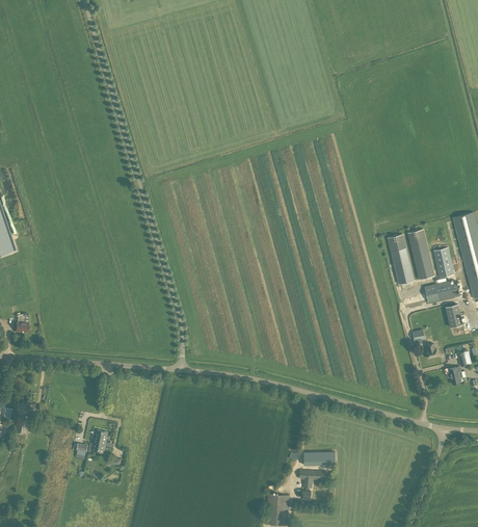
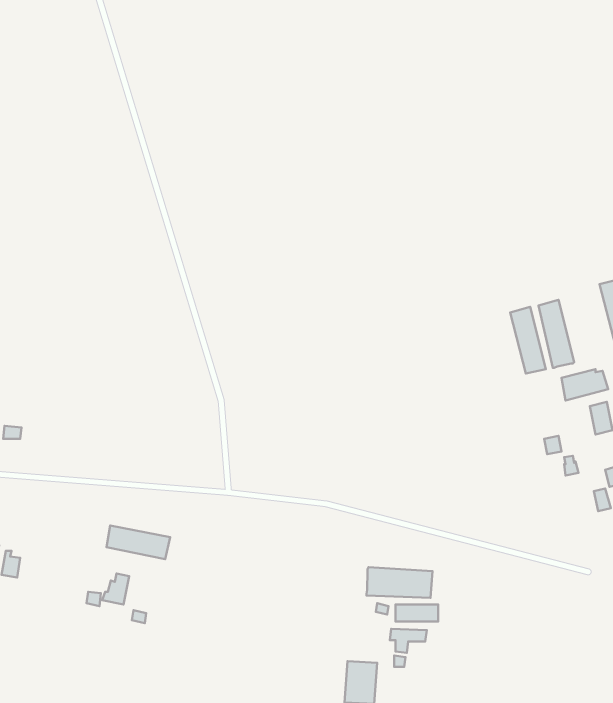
building: [433,247,454,276] -> none
building: none -> [106,525,170,559]
building: none -> [366,567,433,598]

